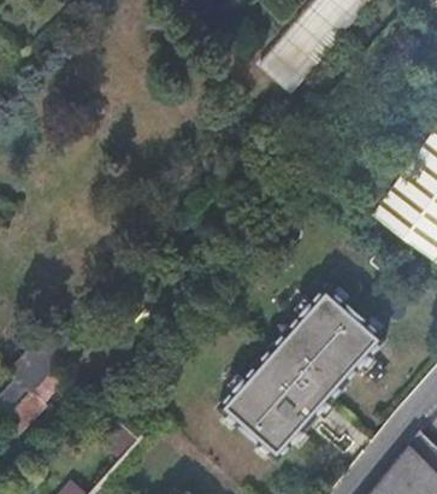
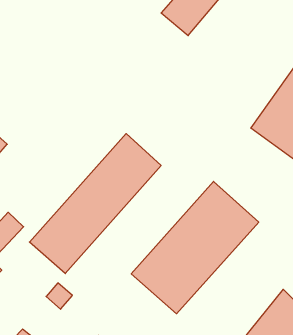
building: none -> [29,134,161,274]

